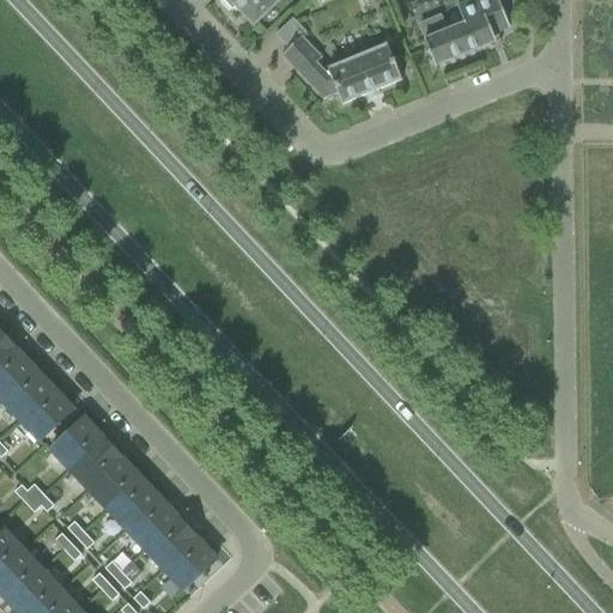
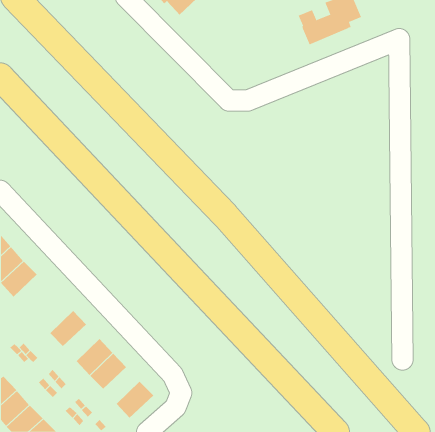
building: [281,34,401,102] -> none
building: [19,386,72,438] -> none
building: [50,415,103,468] -> none
building: [89,456,140,508] -> none
building: [145,515,198,568] -> none

